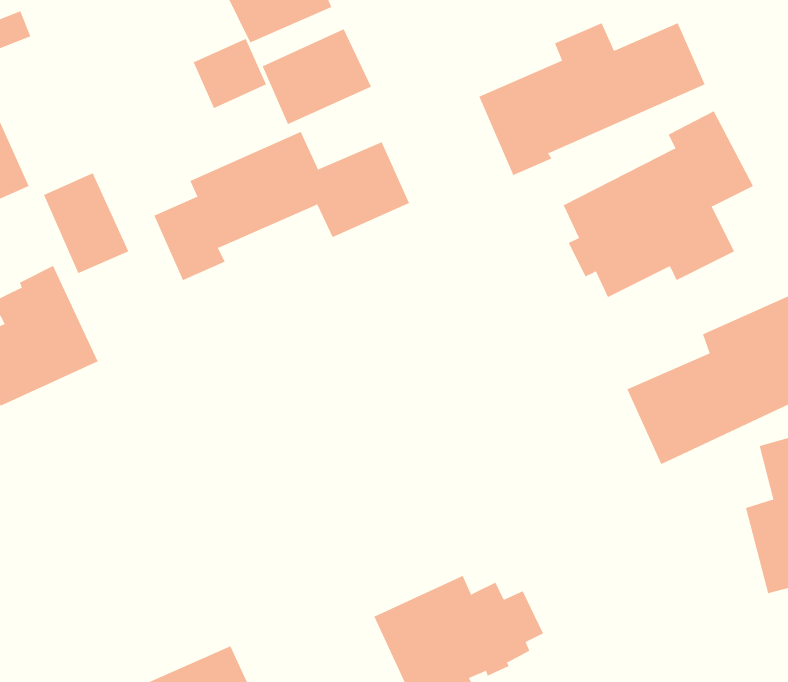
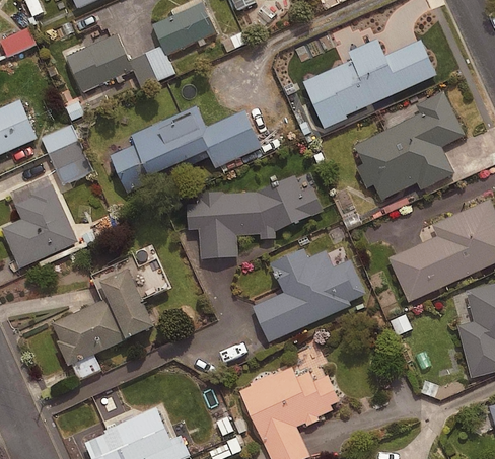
building: [262,28,372,125] -> [67,32,132,89]
building: none -> [186,175,323,258]
building: none -> [254,249,365,341]
building: none -> [52,265,154,365]

